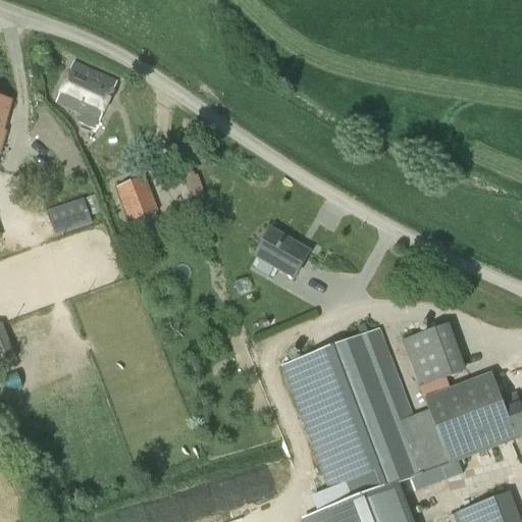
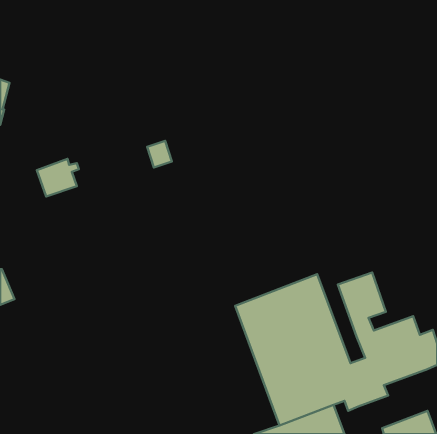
building: [55,60,117,127] -> none
building: [116,175,160,232] -> none
building: [255,228,311,279] -> none

